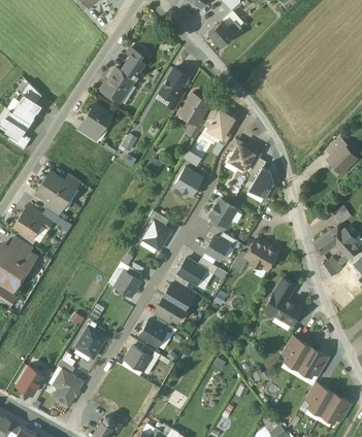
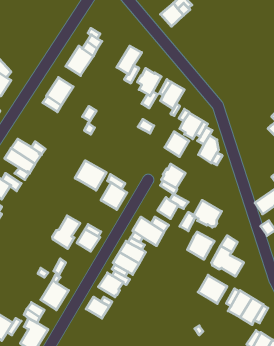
building: [175,168,202,196] -> [165,132,189,157]
building: none -> [75,161,106,190]
building: none -> [52,216,80,249]
building: none -> [187,232,214,259]
building: none -> [198,275,227,304]

